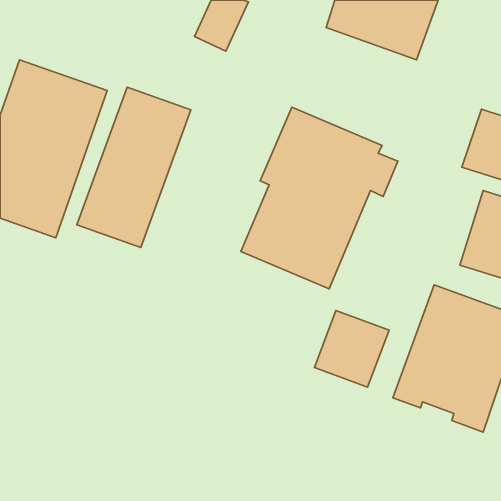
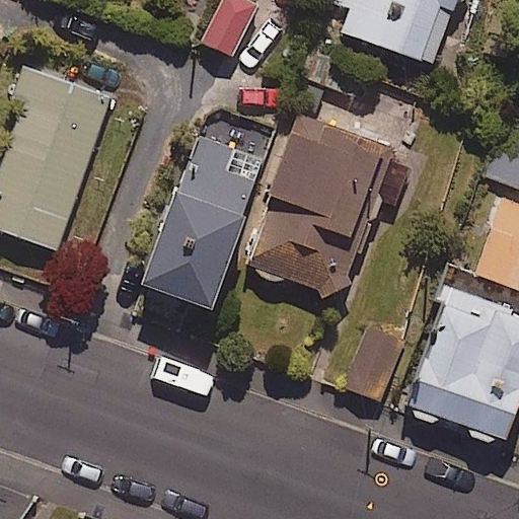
building: [77,87,191,247] -> [146,136,264,301]

